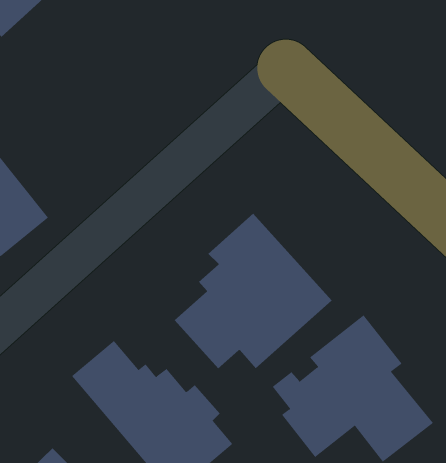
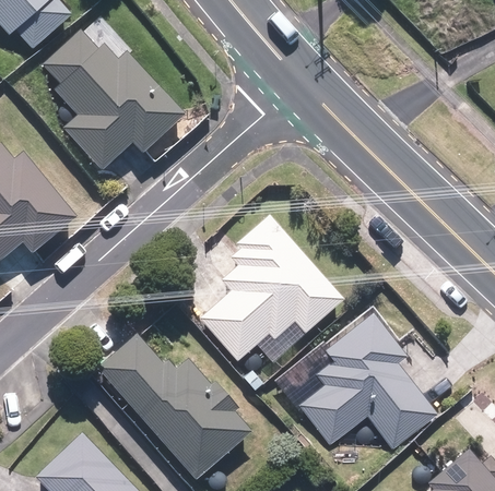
building: none -> [39,26,186,170]

